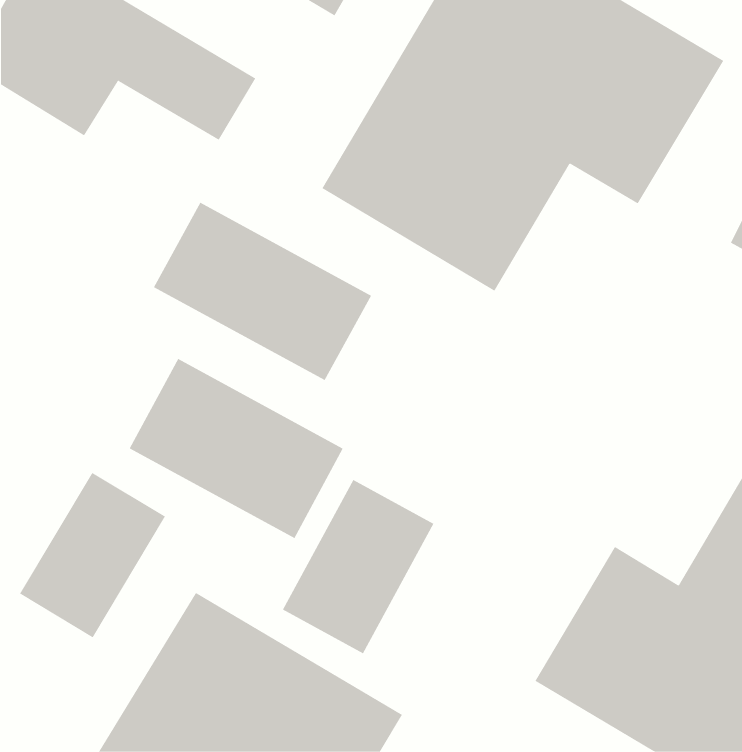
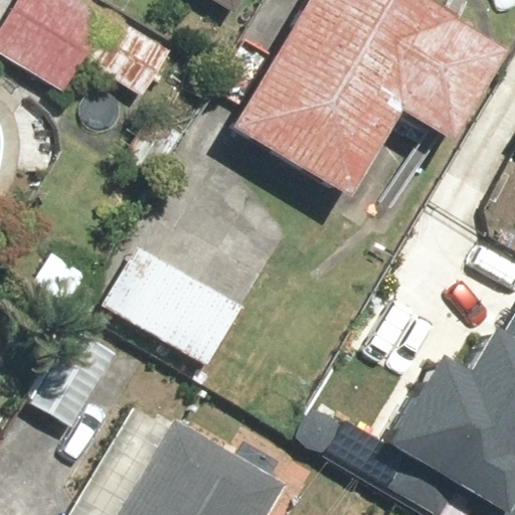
building: [153,202,372,381] -> none
building: [282,479,434,654] -> none

